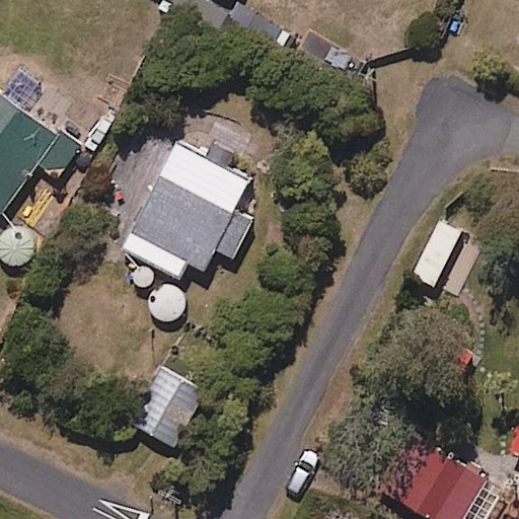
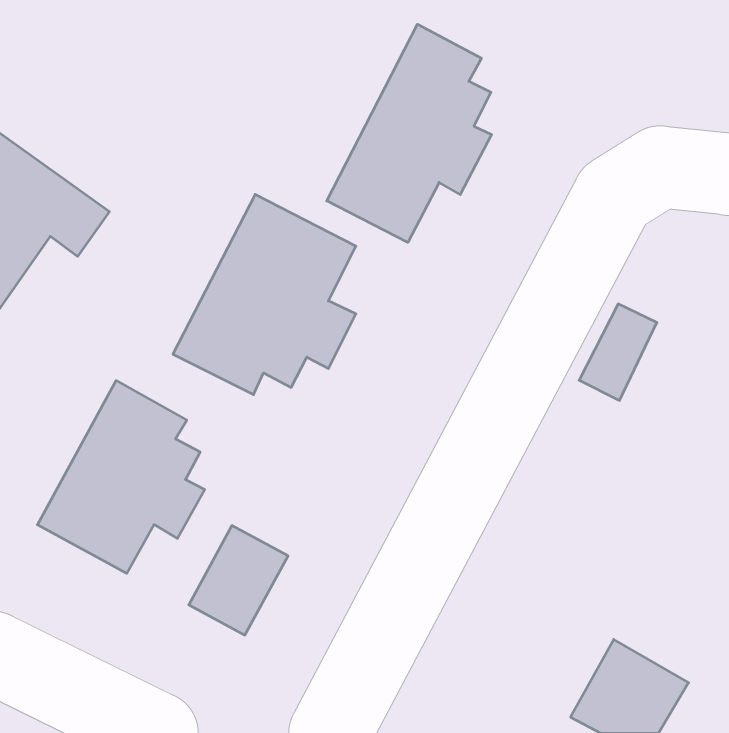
building: none -> [327,24,492,242]
building: none -> [37,381,205,573]

